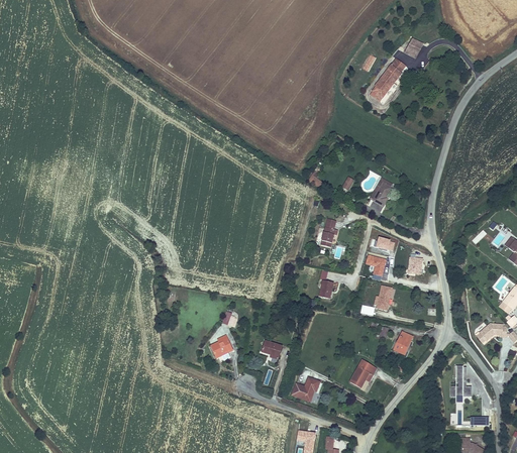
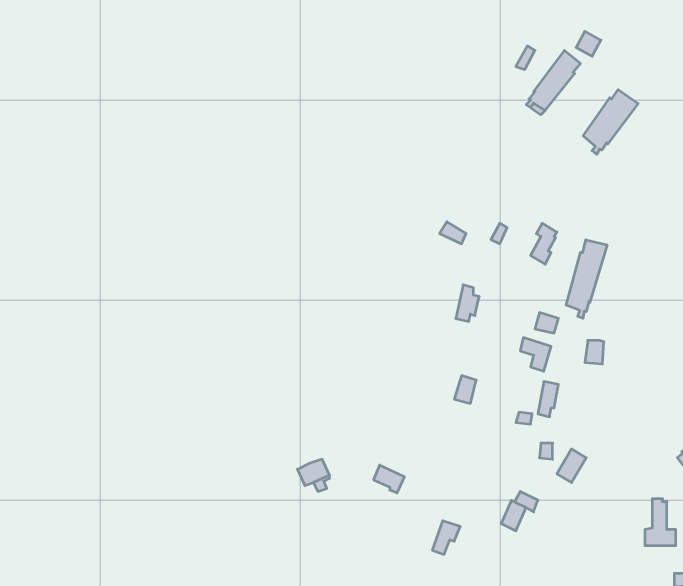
building: none -> [583,90,638,154]
building: none -> [566,240,607,318]

